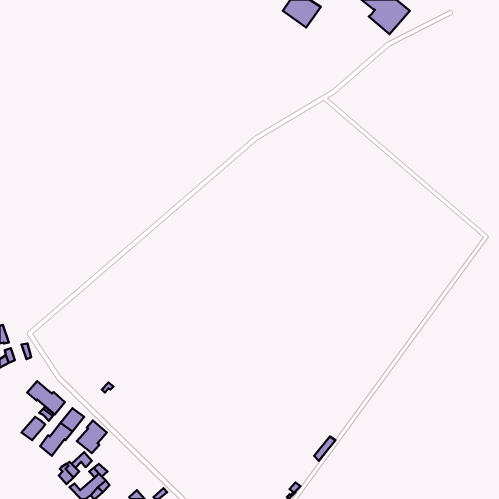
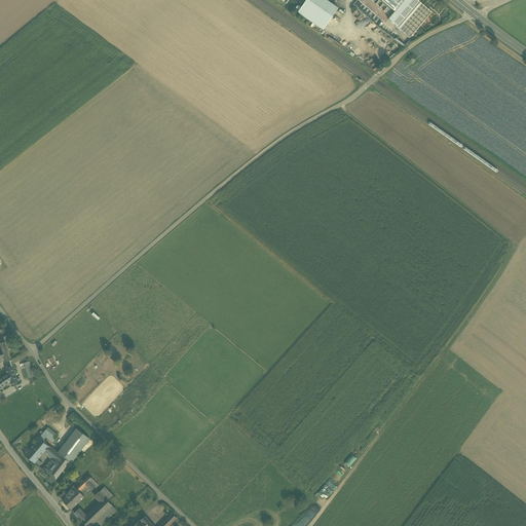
building: [27,381,65,415] -> none
building: [77,421,107,453] -> none

